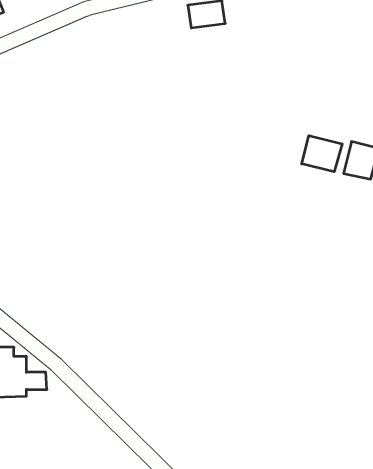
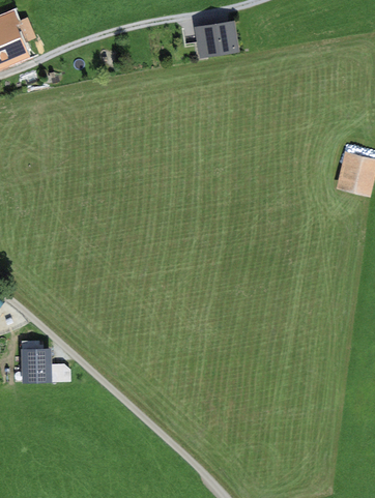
building: [302,136,342,172] -> none

